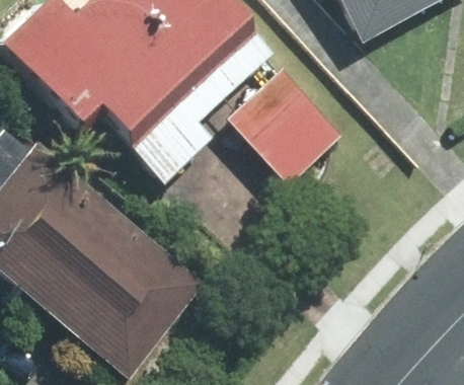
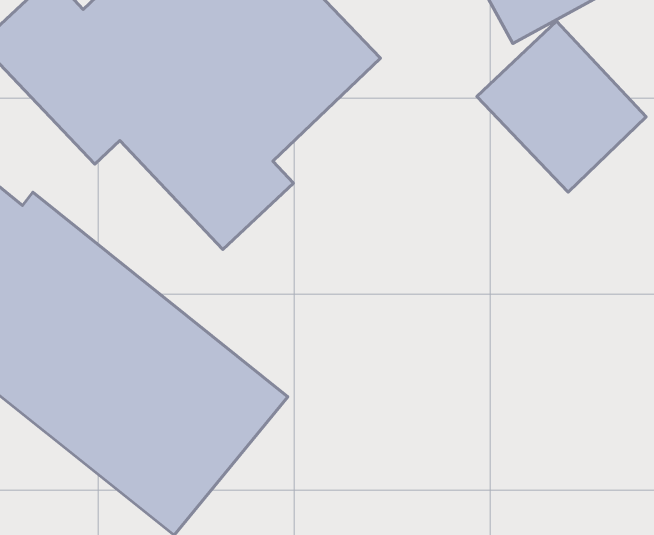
building: [231,66,347,183] -> [477,21,646,192]

